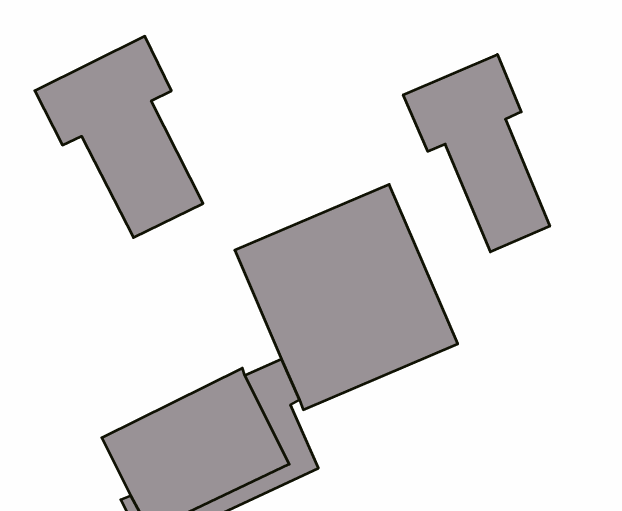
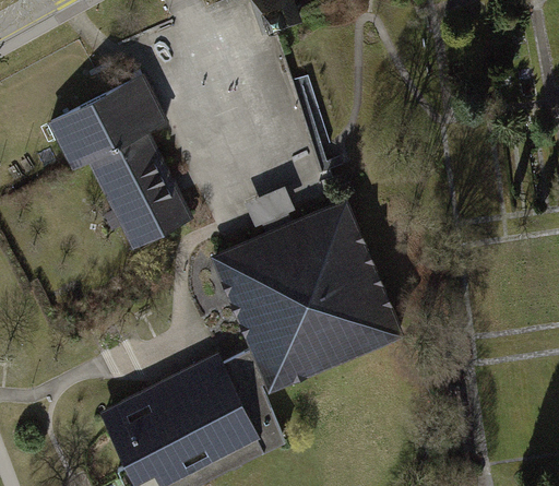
building: [403,54,550,252] -> none

